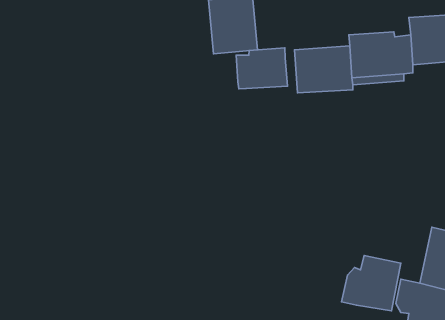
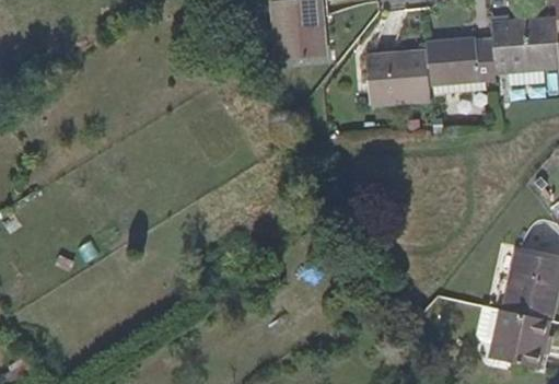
building: [236,48,287,89] -> none
building: [342,255,401,311] -> none

